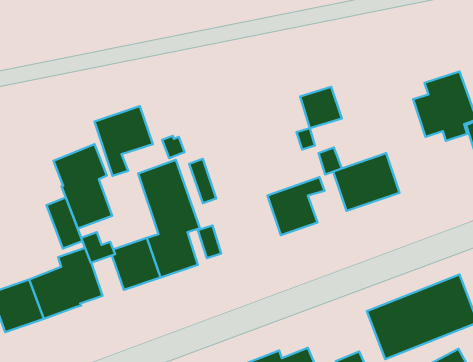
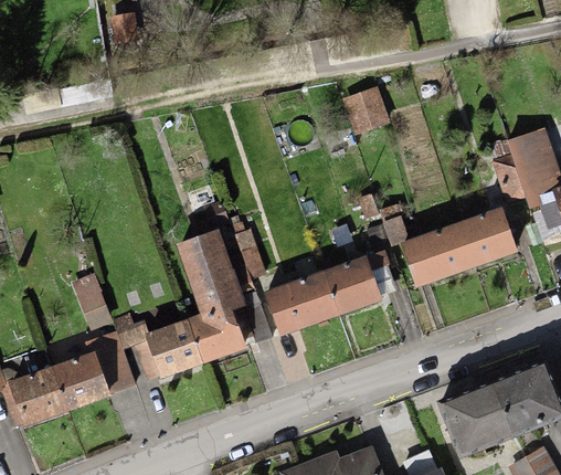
building: [300,87,342,128] -> [342,87,390,135]
building: [95,106,153,176] -> none
building: none -> [461,208,518,267]
building: [53,144,112,229] -> none
building: none -> [265,271,340,337]

